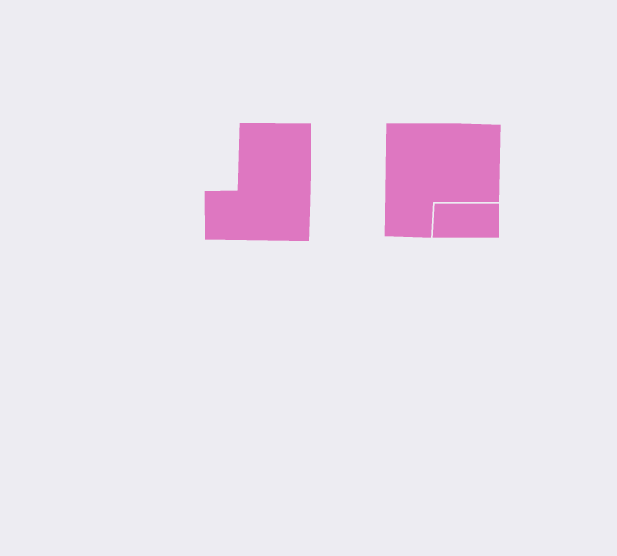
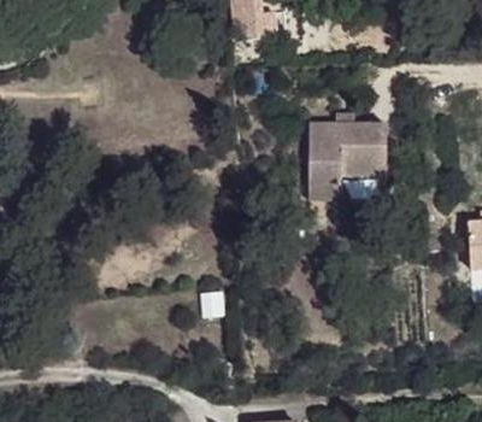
building: [204,122,312,242] -> none

